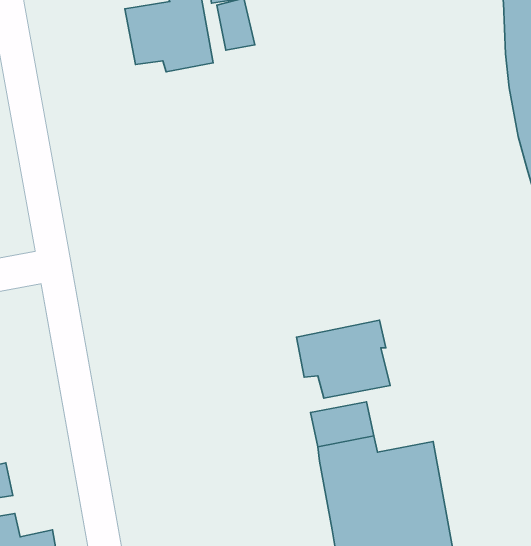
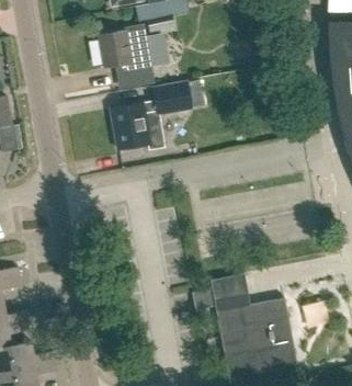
building: none -> [112,81,192,149]
building: [297,320,390,398] -> none

